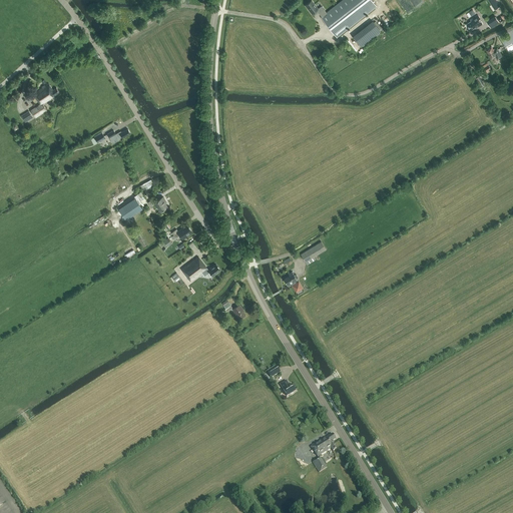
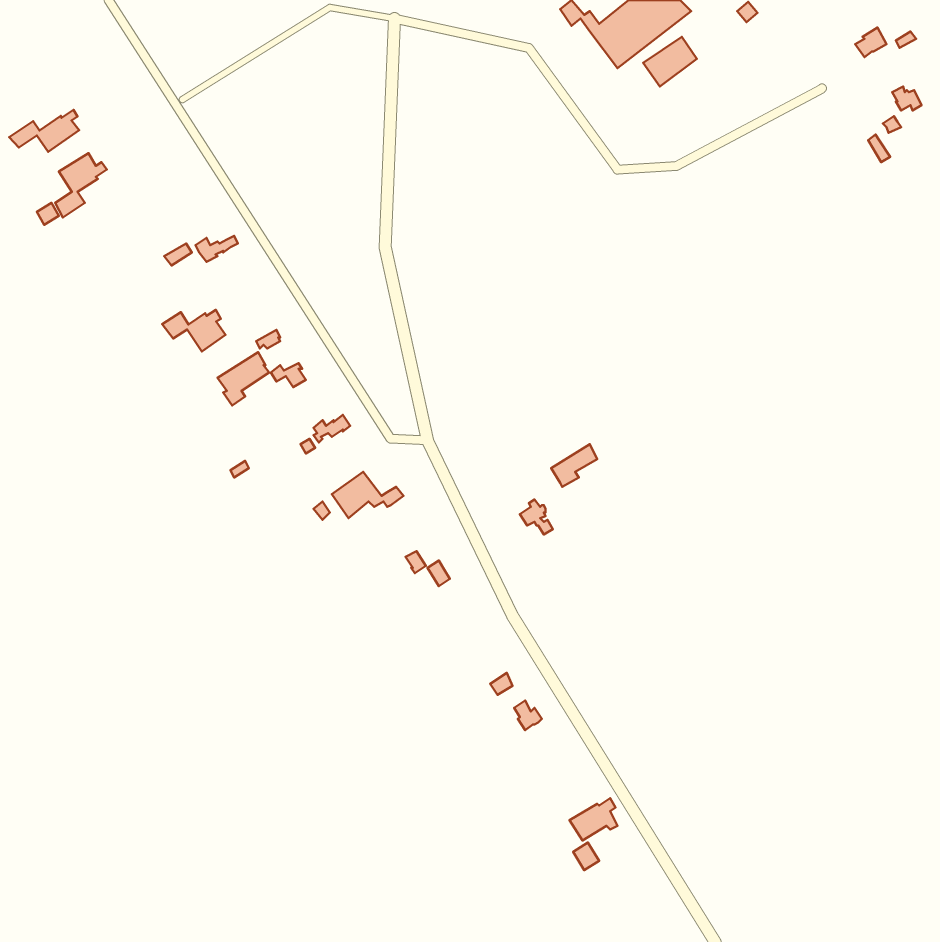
building: none -> [9,110,79,152]
building: none -> [162,310,226,352]

